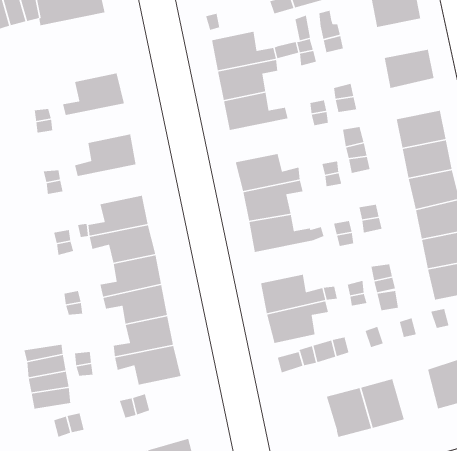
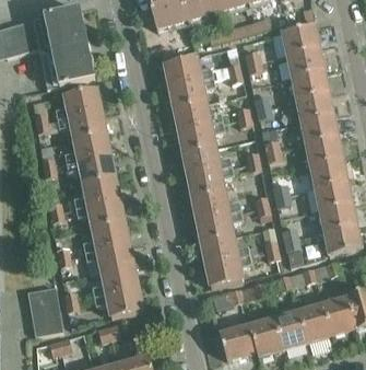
building: none -> [39,43,95,89]
building: none -> [286,47,324,76]
building: none -> [296,91,333,120]
building: none -> [58,109,106,138]
building: none -> [178,120,224,152]
building: none -> [67,154,115,183]
building: none -> [197,210,241,241]
building: none -> [298,304,331,342]
building: none -> [220,324,257,358]

